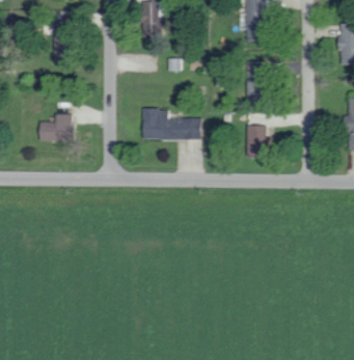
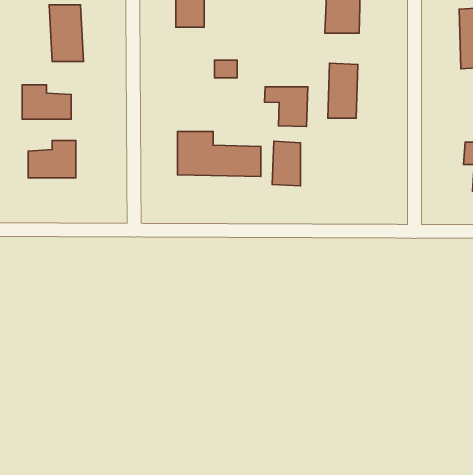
building: none -> [22,85,71,119]
building: none -> [265,87,308,127]
building: [246,126,266,157] -> [272,141,301,186]

